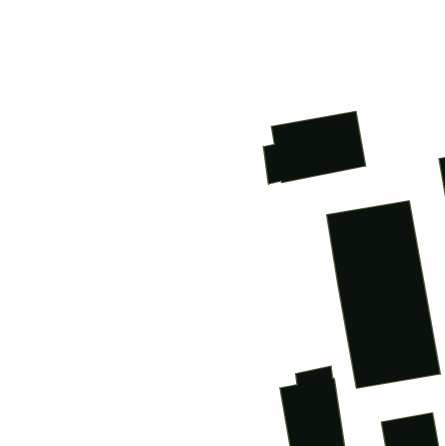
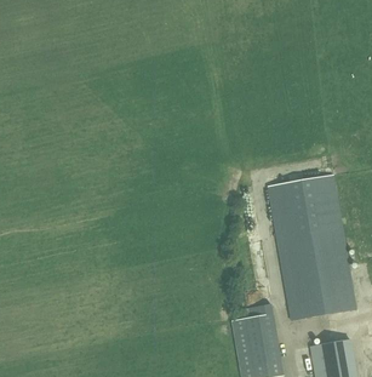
building: [263,111,366,184] -> none

